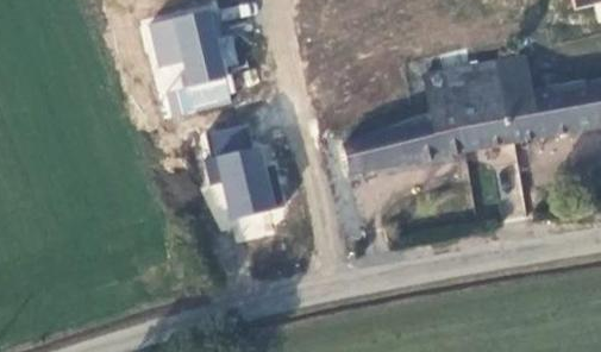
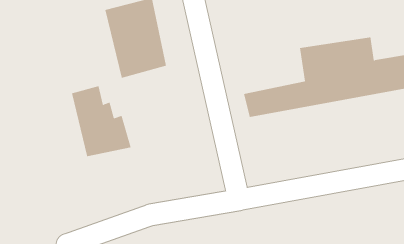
building: [208,119,293,219] -> [71,86,131,157]

